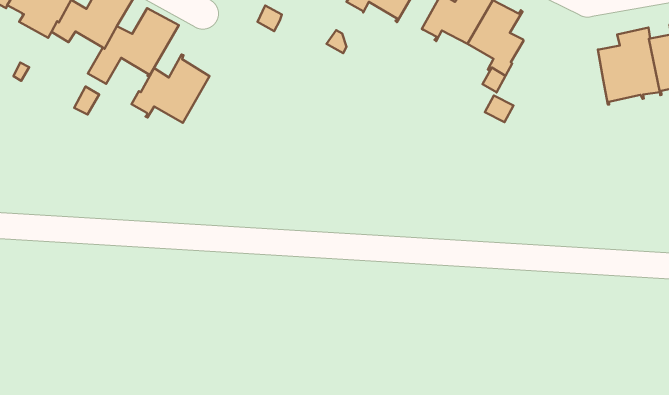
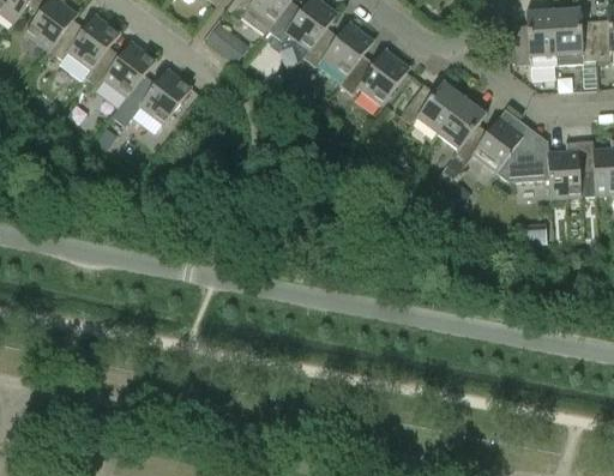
building: none -> [471,109,548,182]
building: [131,54,210,123] -> none

